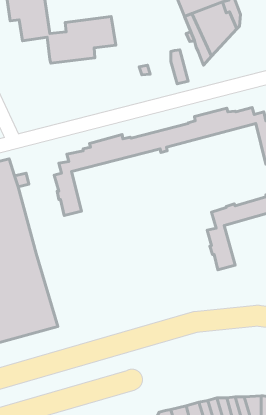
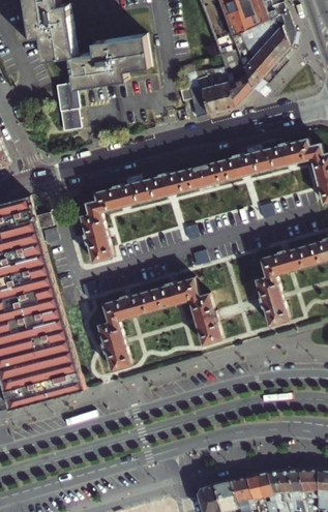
building: none -> [217,53,250,109]
building: none -> [195,74,220,116]
building: none -> [57,84,79,130]
building: none -> [97,278,220,370]

